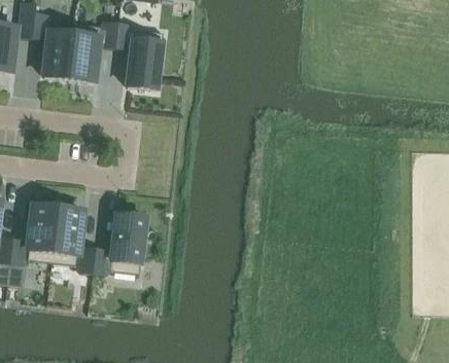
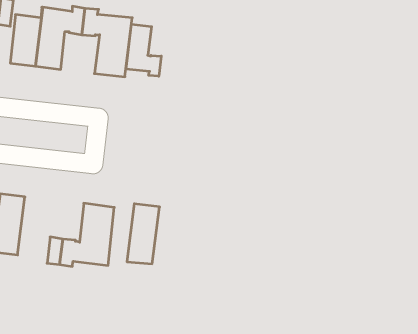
building: none -> [126,24,161,76]
building: [51,206,83,264] -> [127,204,160,264]

